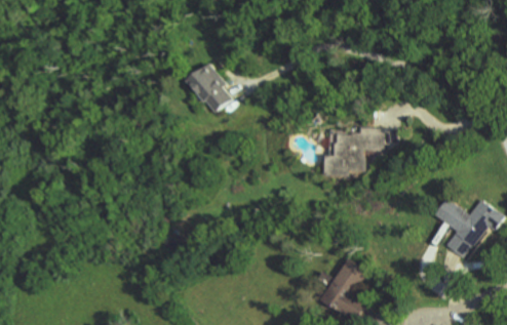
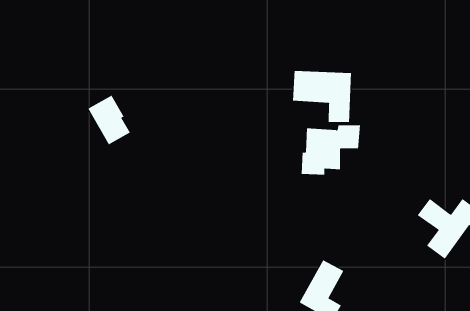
building: [189,65,231,114] -> [88,95,131,145]
building: none -> [293,70,352,123]

